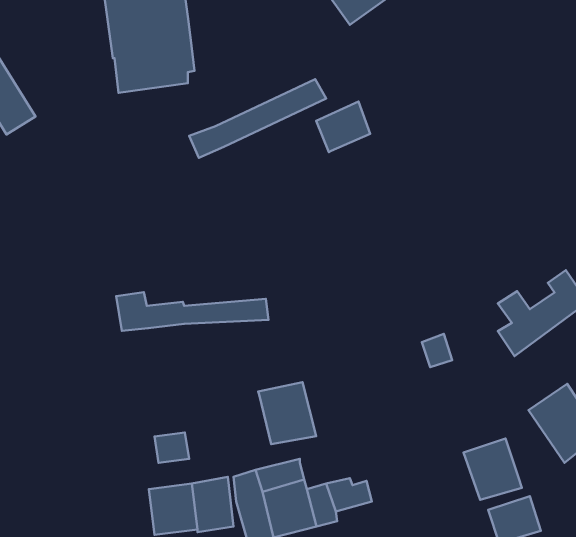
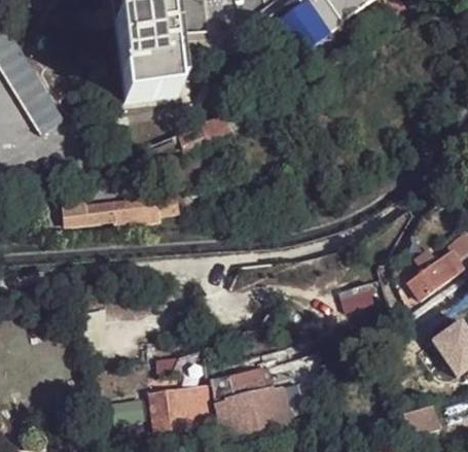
building: [316,102,370,152] -> none
building: [116,292,269,331] -> [63,197,176,225]
building: [258,382,316,444] -> none
building: [464,439,522,500] -> none

